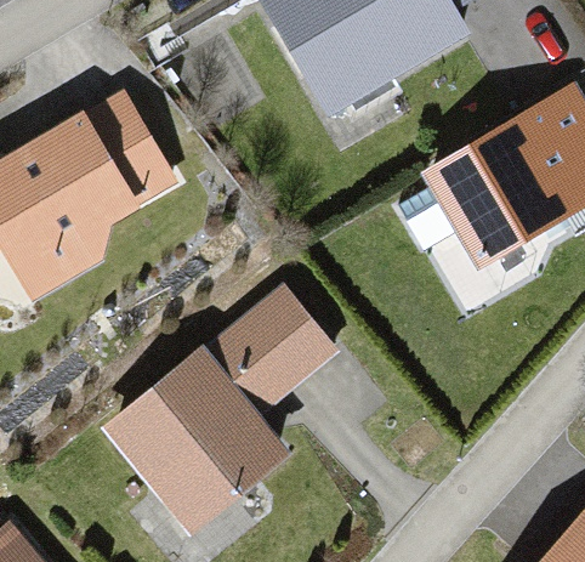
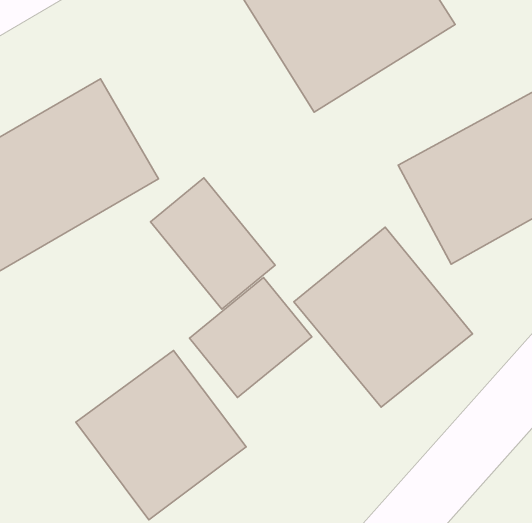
building: none -> [150,178,275,309]
building: none -> [294,227,472,407]

